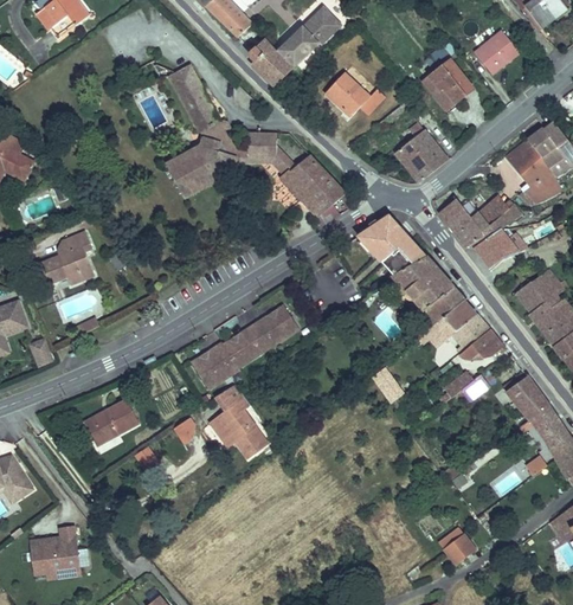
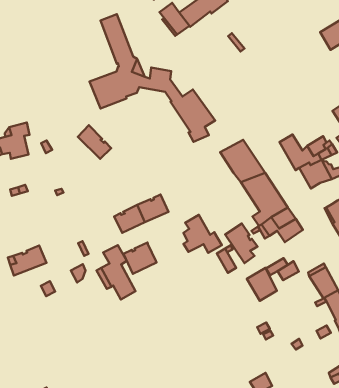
building: [423,46,472,112] -> none
building: [324,72,385,116] -> none
building: [395,121,448,181] -> none
building: none -> [78,125,111,159]
building: none -> [183,215,222,253]
building: [459,328,503,359] -> none
building: none -> [225,223,258,263]
building: [192,342,239,388] -> [124,242,157,274]
building: none -> [247,268,277,301]

